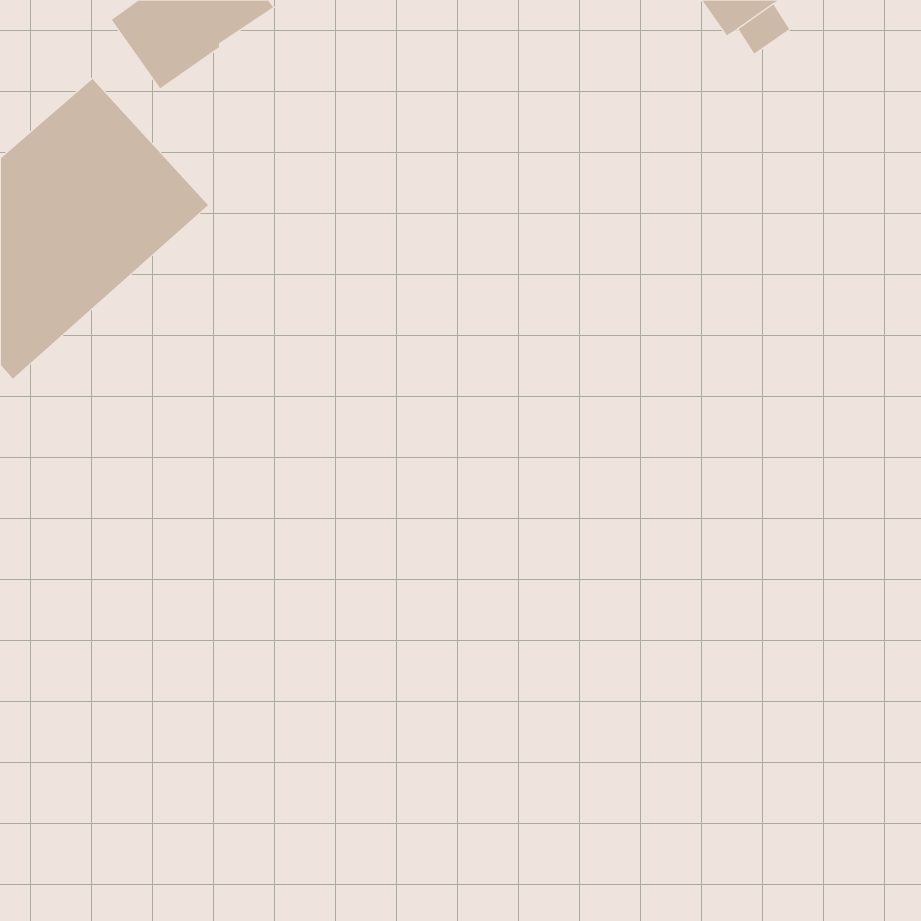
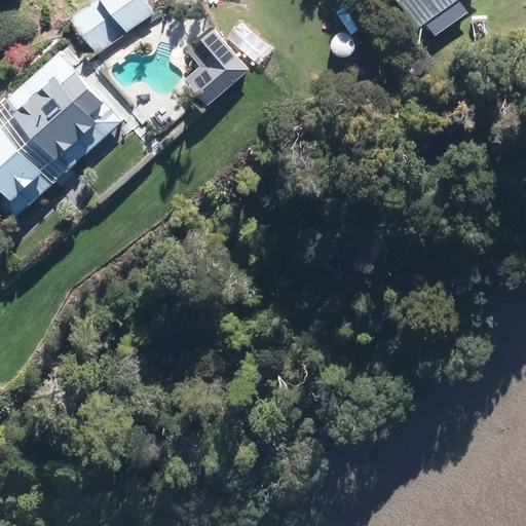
building: none -> [185,28,249,104]

